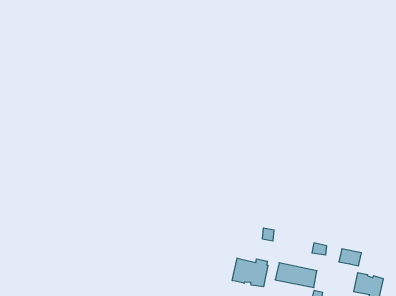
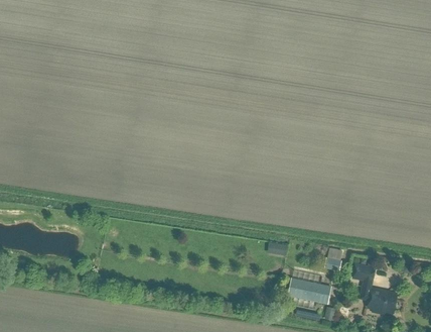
building: [232,258,268,287] -> none

